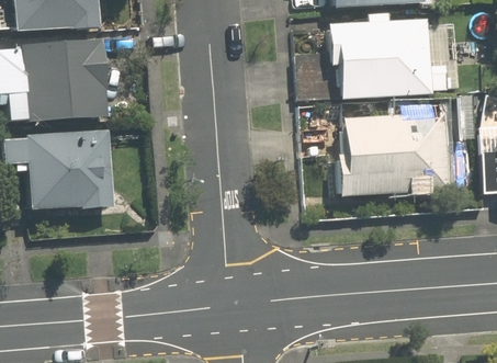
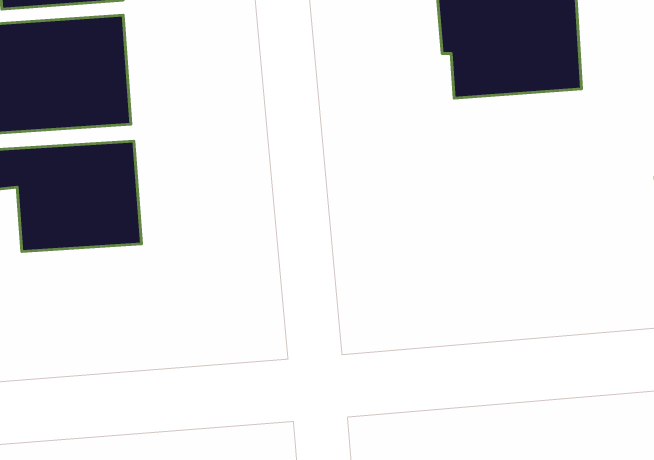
building: [338,113,450,196] -> none

